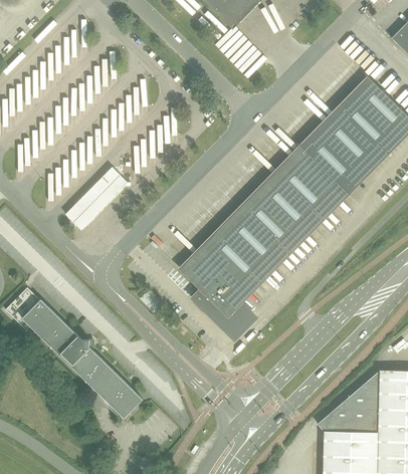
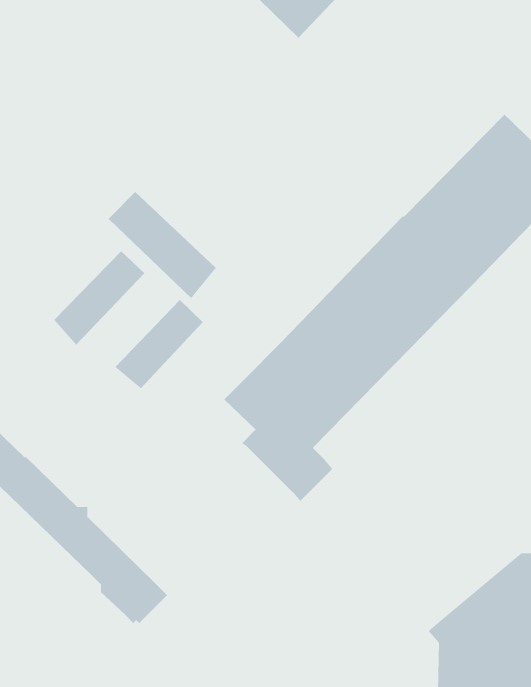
building: none -> [108,191,217,299]
building: none -> [114,299,203,389]

